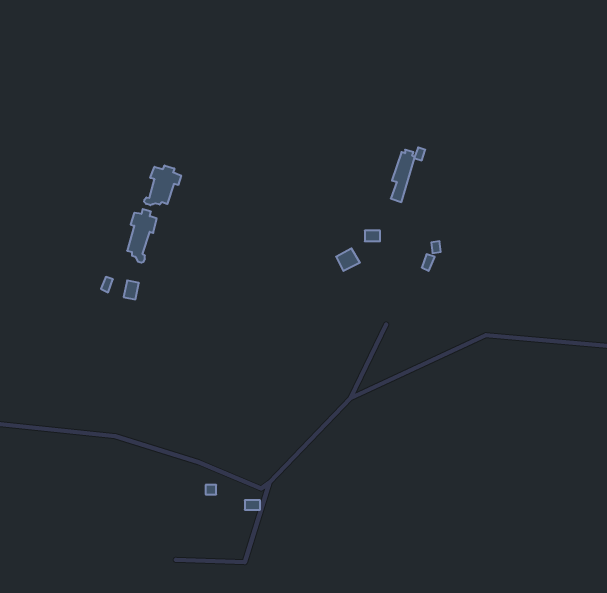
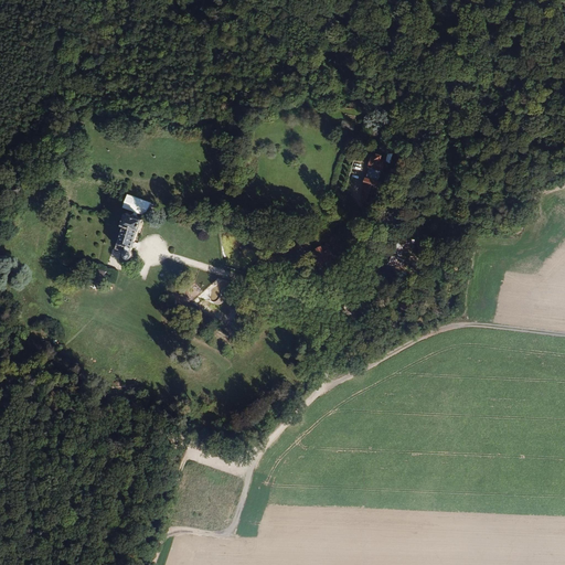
building: [144,165,181,205] -> none

